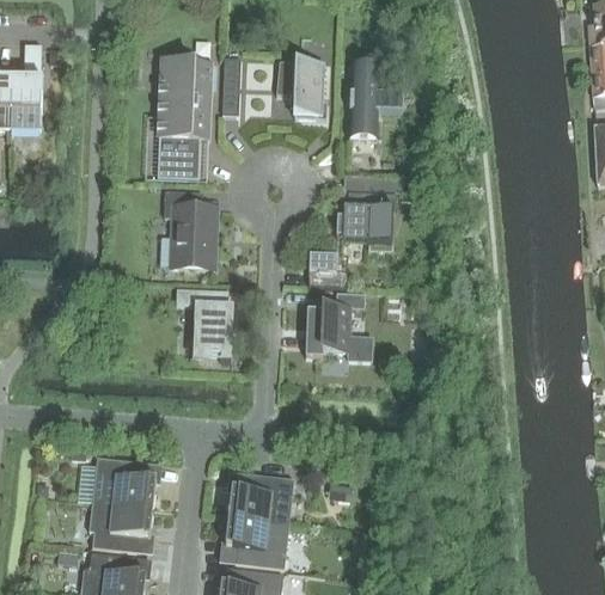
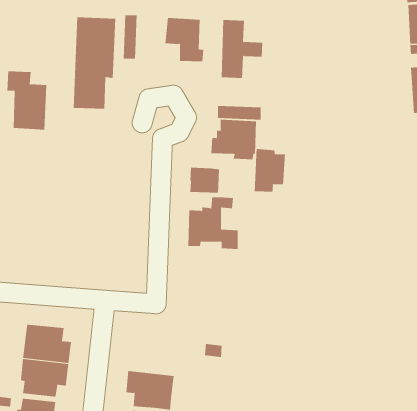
building: [163,192,215,269] -> [6,71,47,130]
building: none -> [254,148,285,193]
building: [176,290,232,362] -> none
building: [227,474,293,526] -> none

